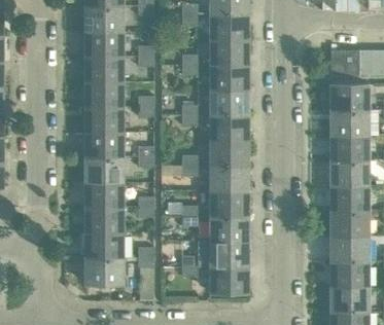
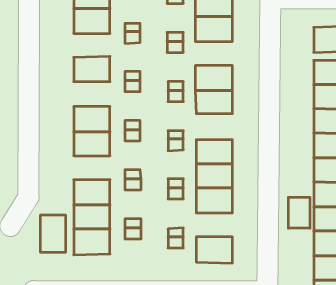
building: [85,57,123,81] -> none
building: [210,65,248,89] -> none
building: [85,106,123,132] -> none
building: [211,139,248,166] -> none
building: [85,182,123,207] -> none
building: none -> [288,197,310,228]
building: [211,241,248,265] -> none
building: none -> [41,215,65,252]

